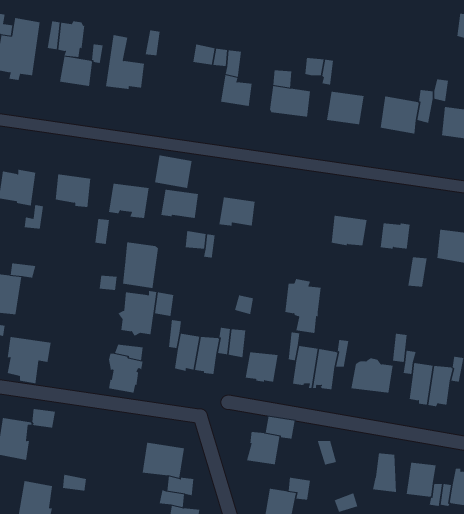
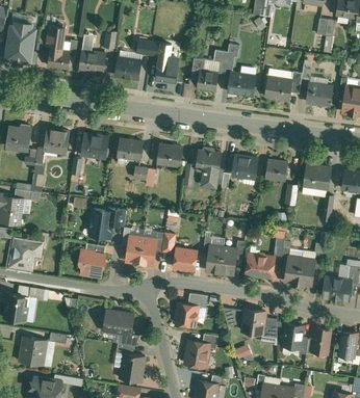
building: [154,155,192,189] -> [115,56,142,79]
building: [122,241,159,289] -> none
building: [285,278,321,334] -> [196,147,221,184]
building: none -> [241,309,265,334]

